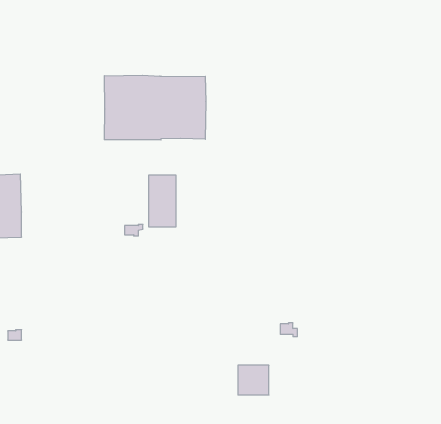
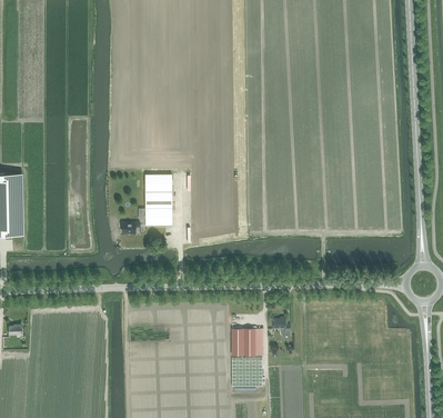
building: [104,75,206,140] -> none
building: none -> [232,329,255,356]

